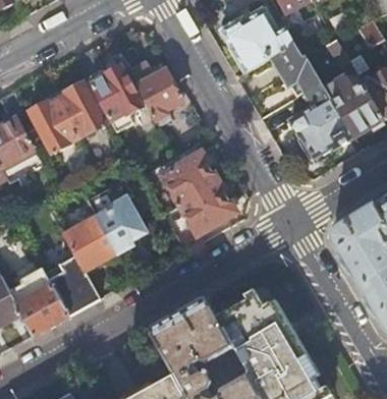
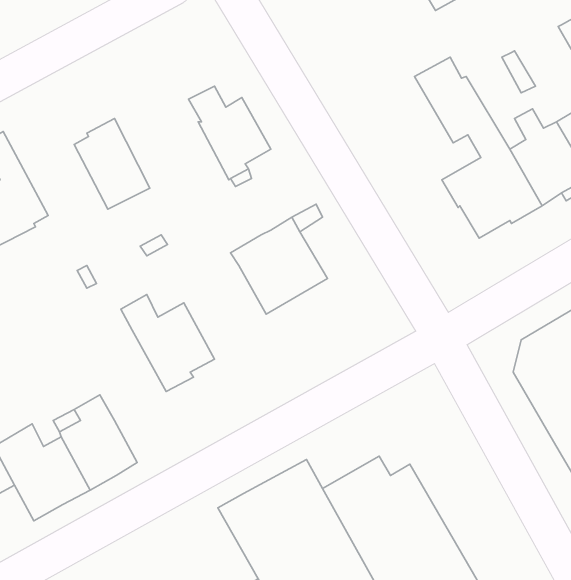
building: [221,12,295,72] -> none
building: [76,49,142,134] -> none
building: [31,99,79,154] -> none
building: [179,183,235,235] -> none
building: [62,216,116,273] -> none

